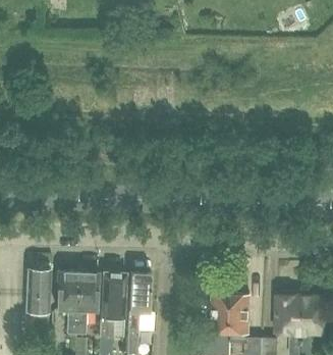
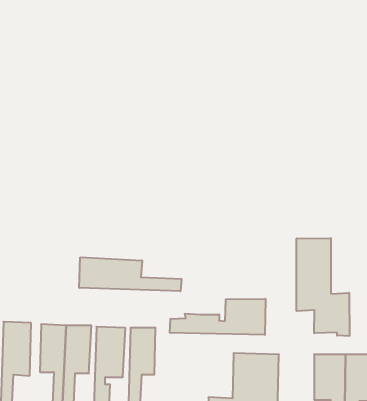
building: none -> [297,238,349,336]
building: none -> [79,257,181,291]
building: none -> [170,299,265,335]

